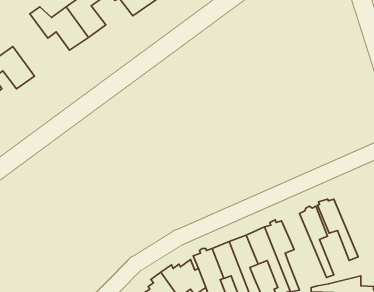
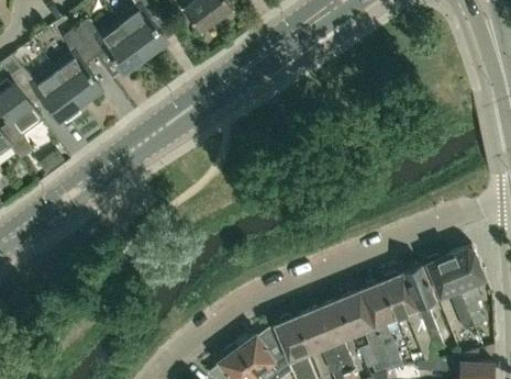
building: none -> [54,31,102,107]
building: none -> [445,245,485,326]
building: none -> [381,272,438,361]

